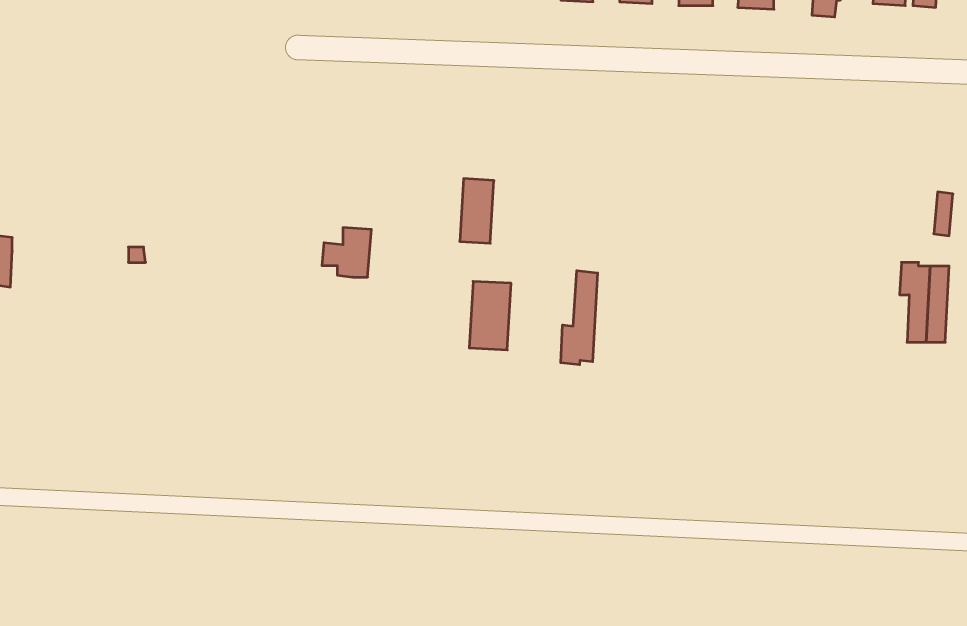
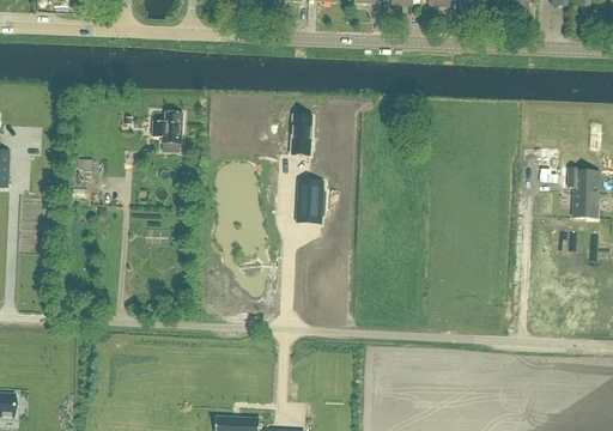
building: [322,228,371,277] -> [151,111,182,142]
building: [561,271,598,365] -> none

